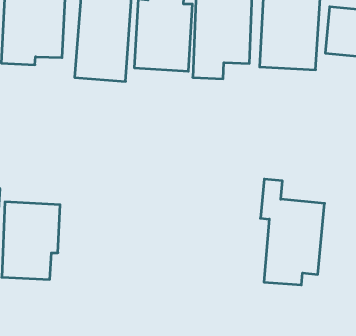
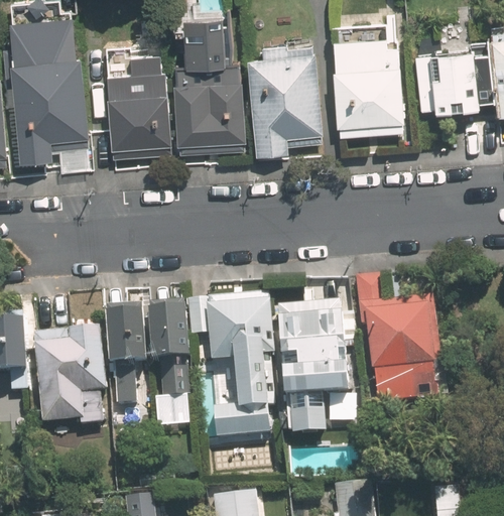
building: none -> [192,295,269,437]
building: none -> [108,307,192,410]
building: none -> [279,296,350,439]

